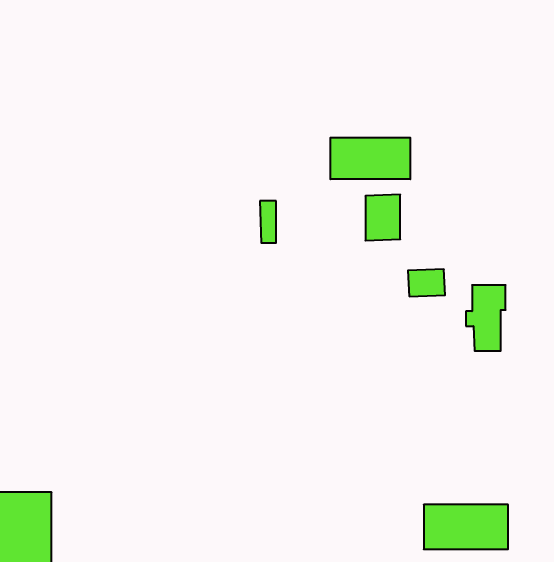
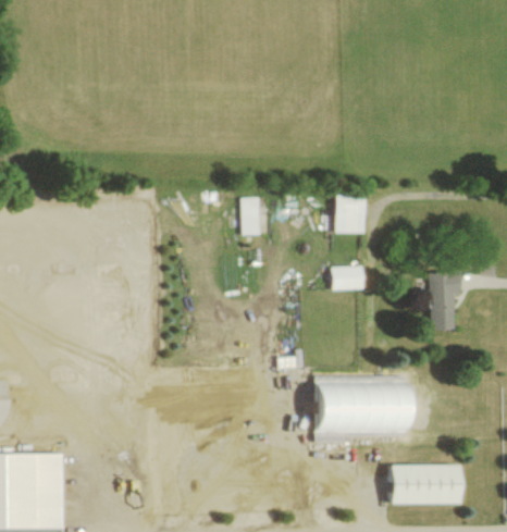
building: [330,138,410,179] -> none
building: [408,269,445,296] -> [333,265,366,289]
building: none -> [313,382,406,443]

